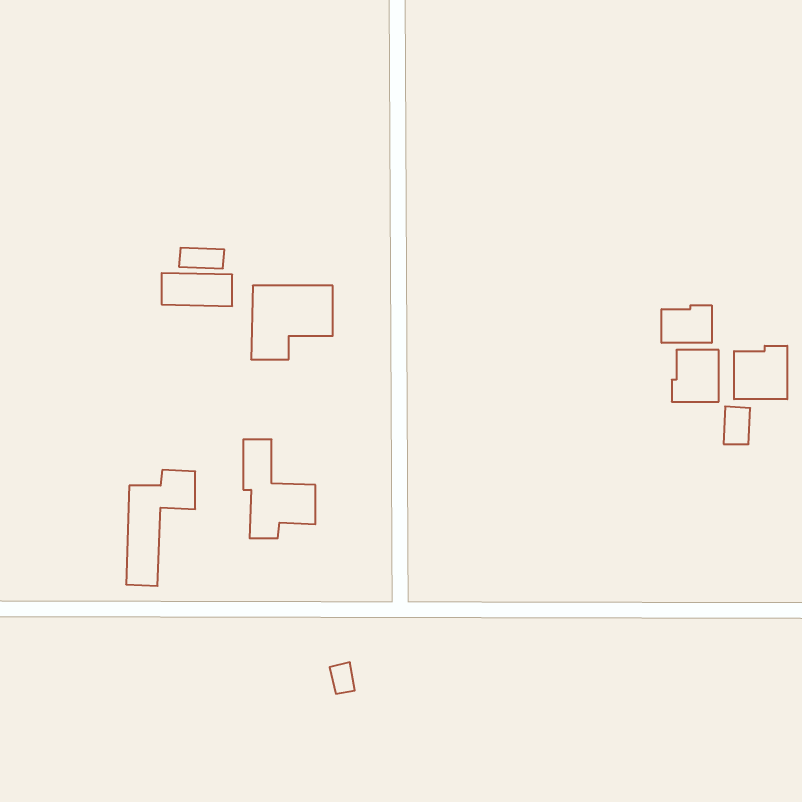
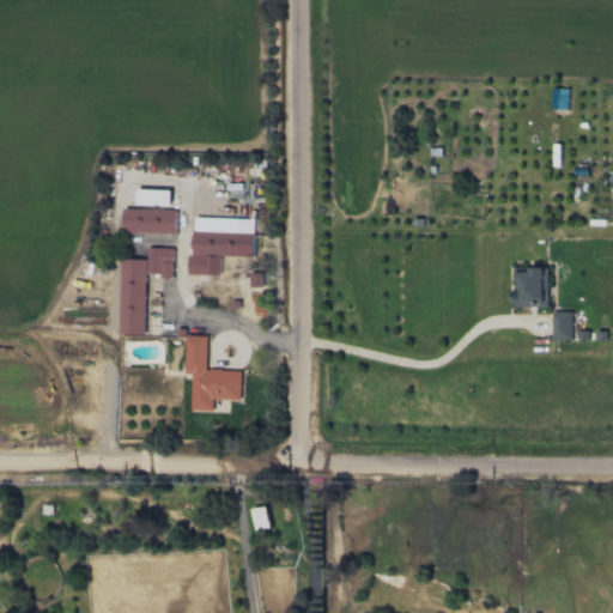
building: [662,305,712,343] -> none
building: [734,346,787,399] -> none
building: [126,470,195,586] -> [120,247,172,335]

